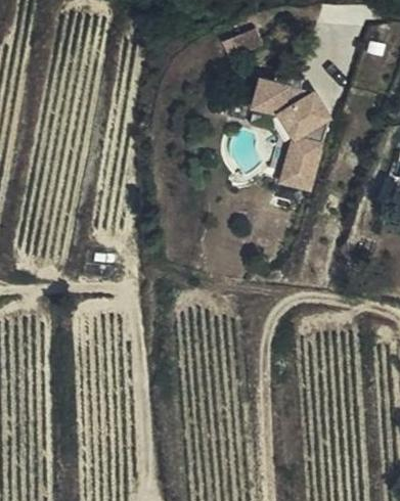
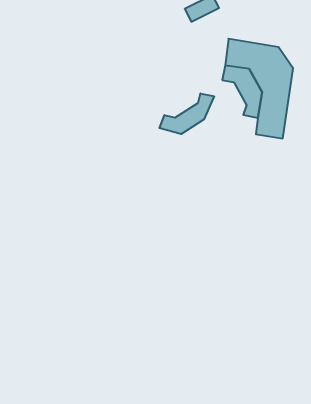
building: none -> [159,93,214,134]

